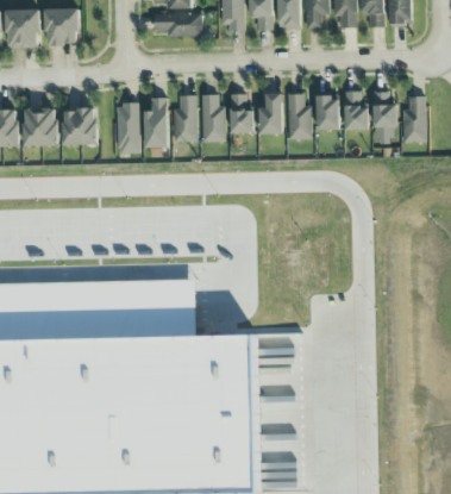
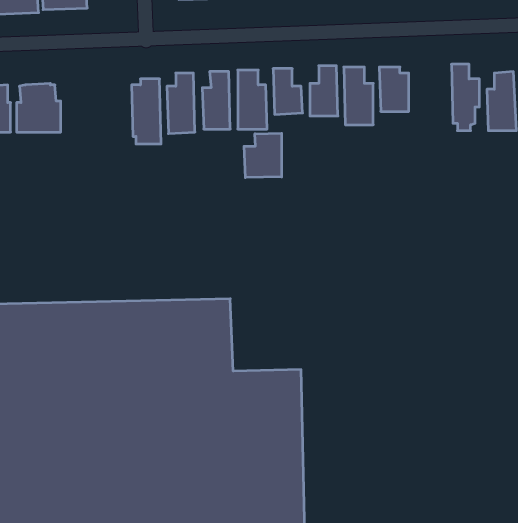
building: [346,90,369,127] -> none
building: [63,105,99,143] -> none
building: none -> [244,133,282,178]

